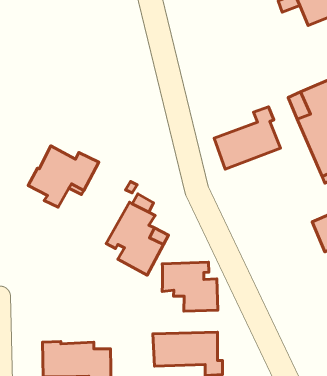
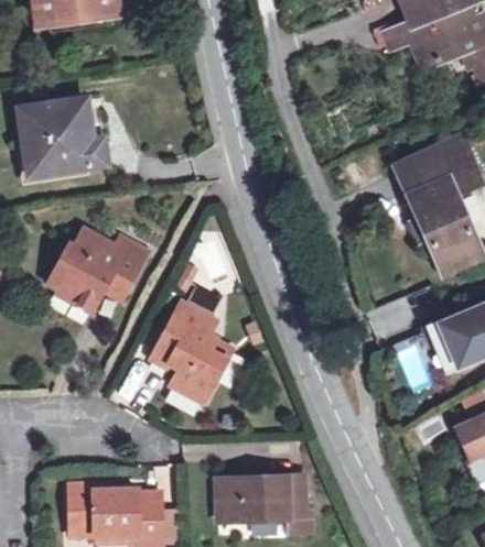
building: none -> [18,96,106,174]
building: [214,107,280,169] -> none
building: [162,262,218,311] -> none

